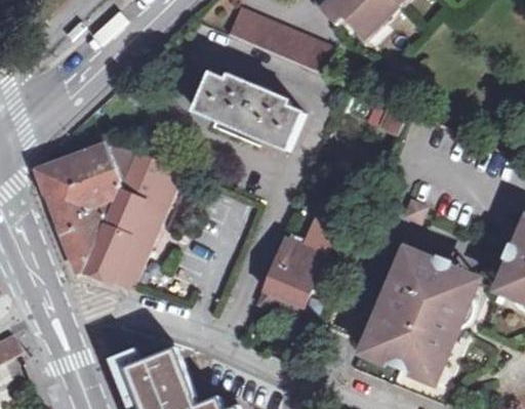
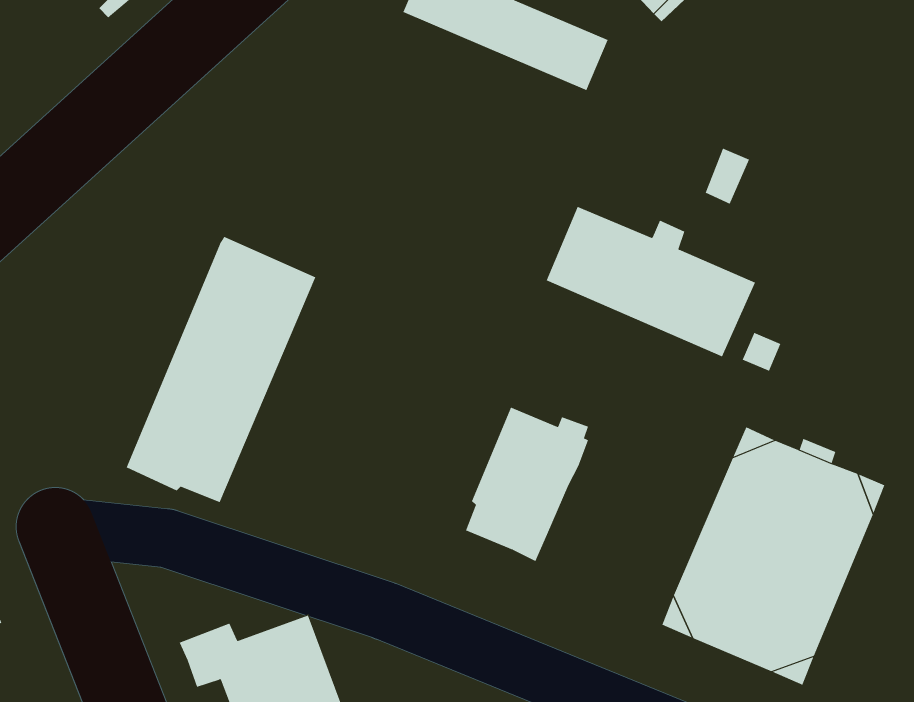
building: [194,72,304,151] -> [546,206,756,357]
building: [35,144,130,272] -> none

